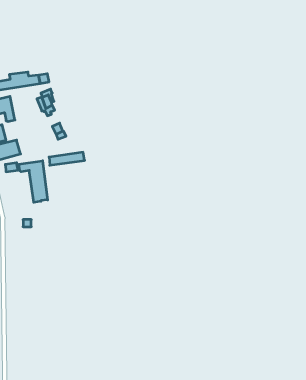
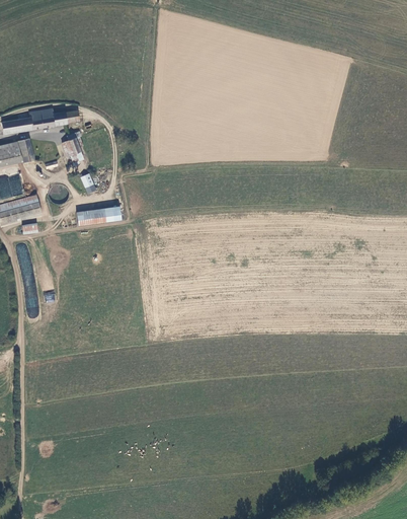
building: [19,161,48,202] -> none

